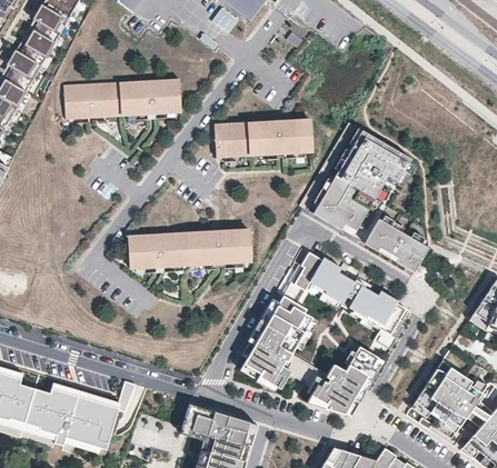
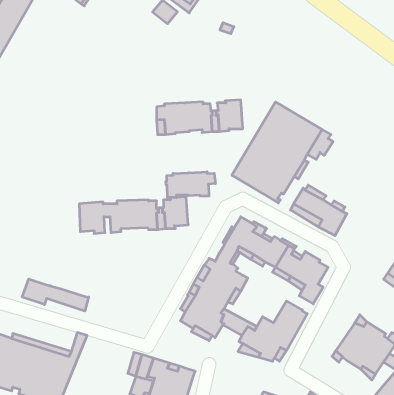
building: [63,79,181,119] -> none
building: none -> [166,172,215,198]
building: none -> [22,279,89,311]

